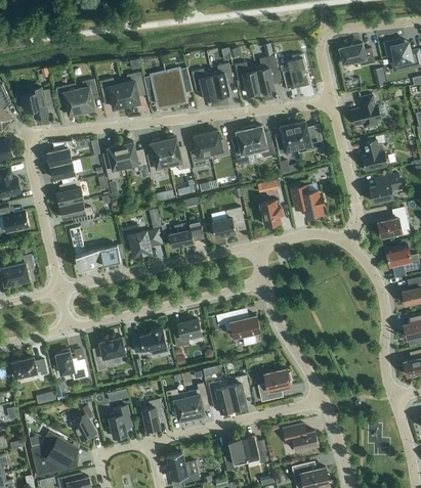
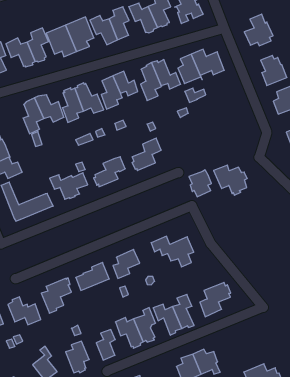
building: [291,186,325,219] -> [214,165,247,195]
building: [260,199,283,226] -> [189,170,211,197]
building: [283,424,319,453] -> none

